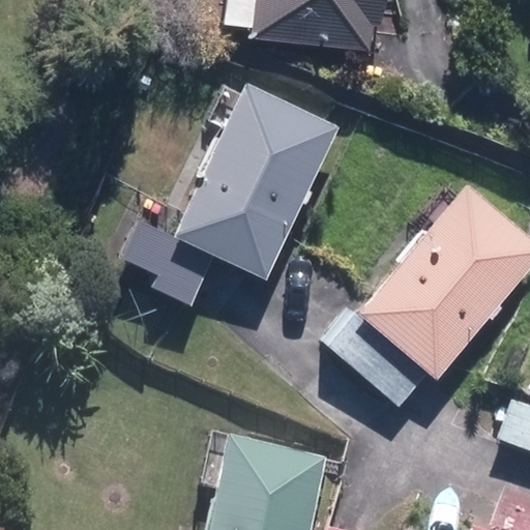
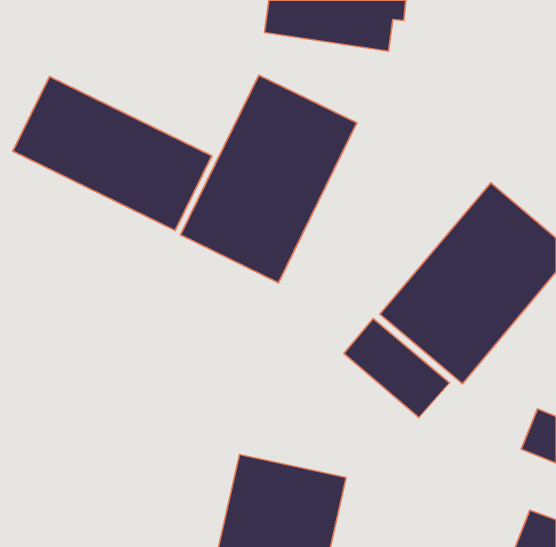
building: none -> [13,76,212,231]

